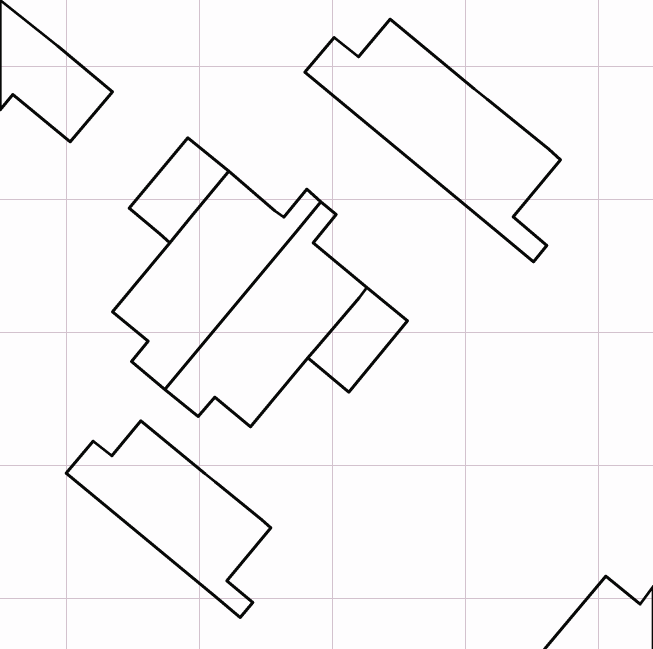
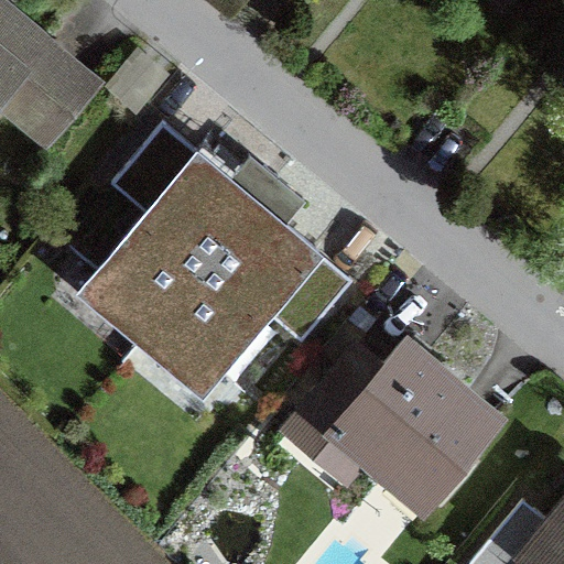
building: [305,19,560,262] -> none
building: none -> [278,340,509,528]
building: [66,421,271,617] -> none

